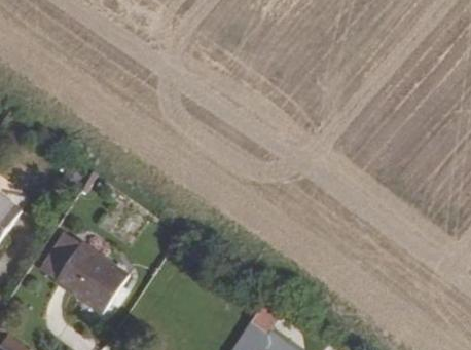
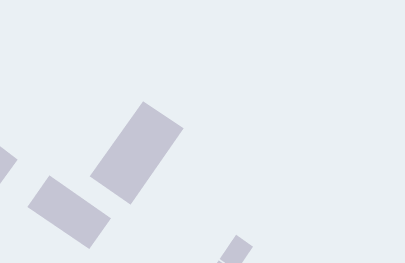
building: none -> [89,100,185,206]

